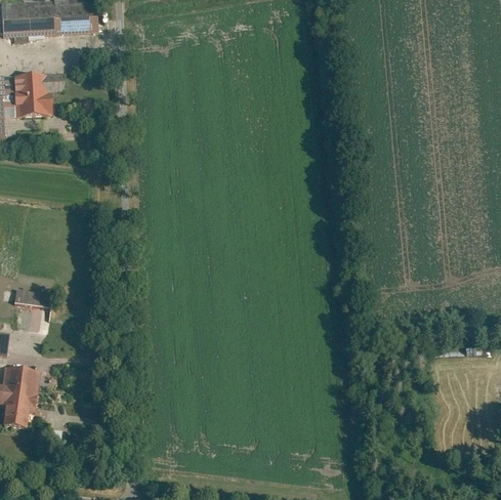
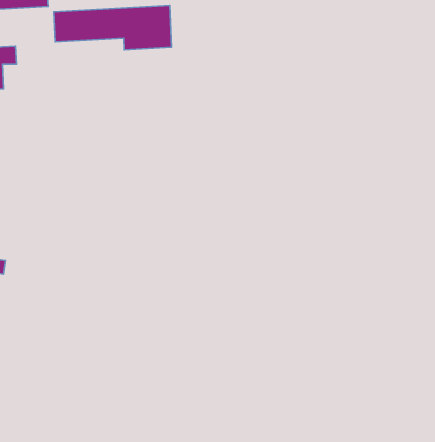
building: none -> [54,6,171,50]

